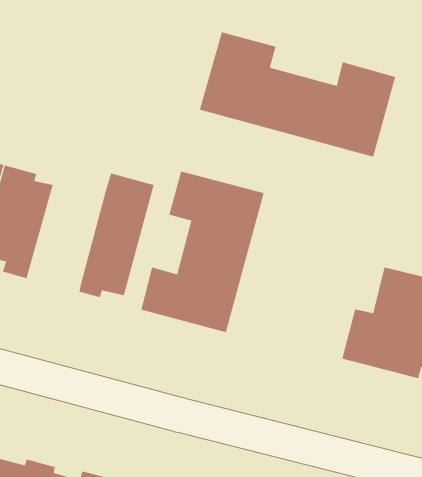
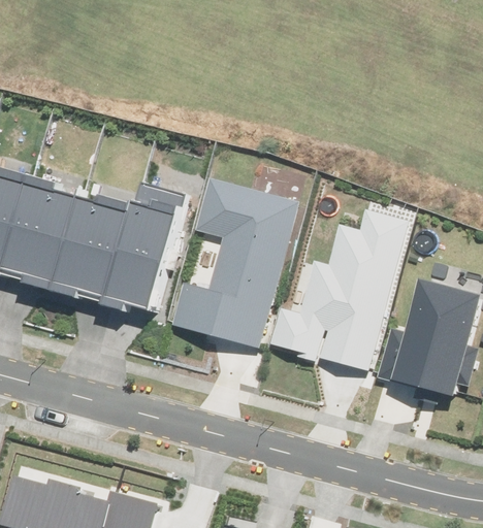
building: [199,31,396,157] -> none
building: none -> [53,196,132,300]
building: none -> [269,208,408,371]

